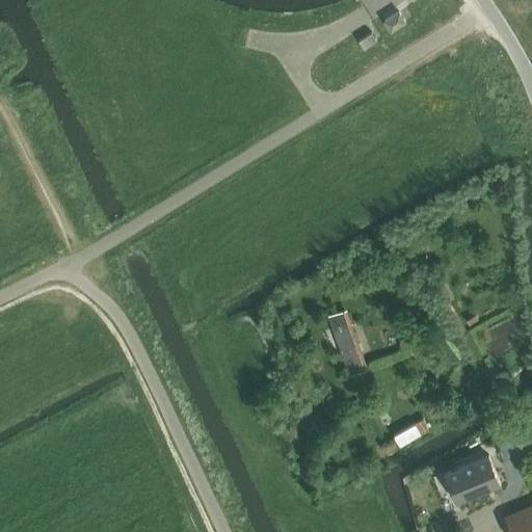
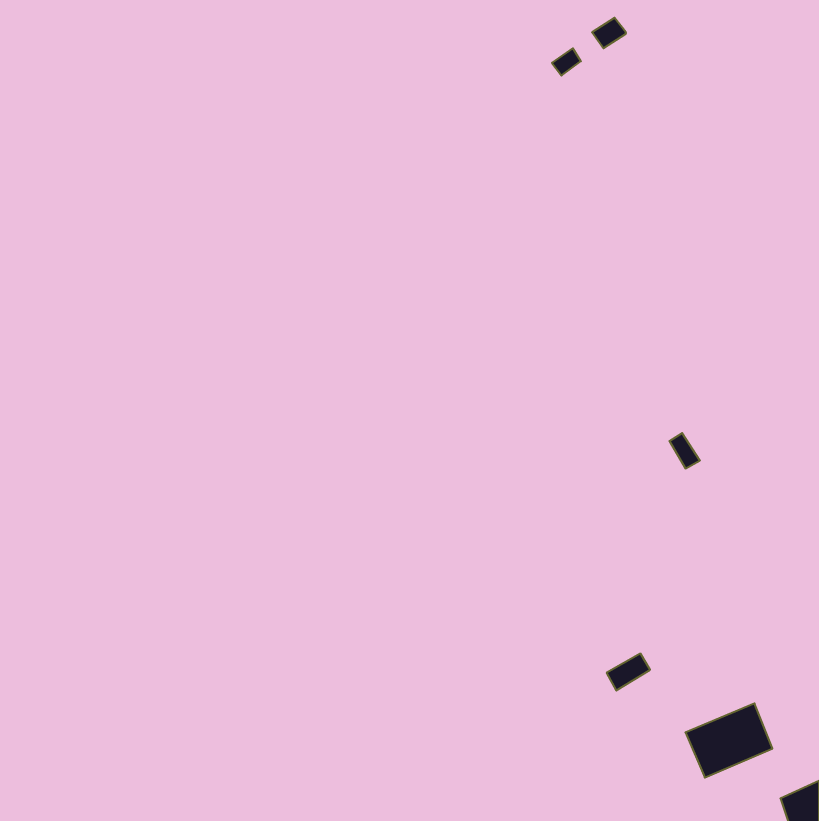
building: [331,323,366,375] -> none

